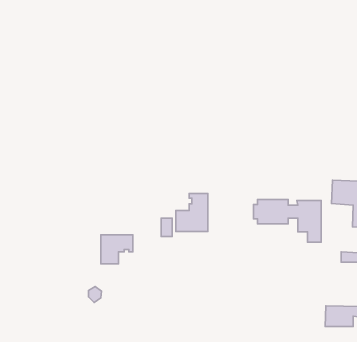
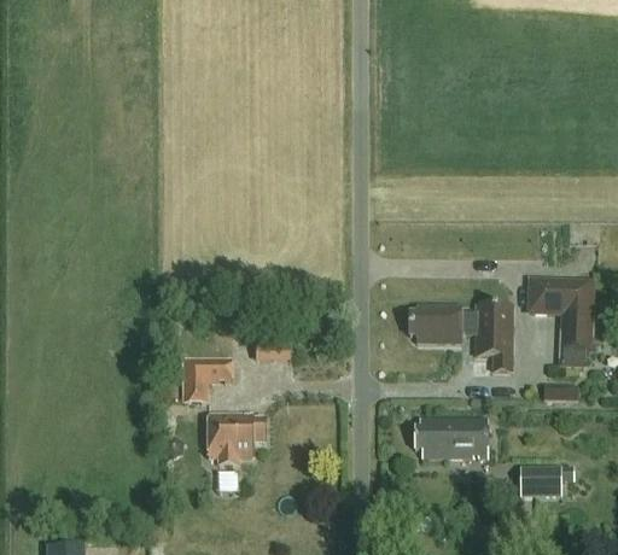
building: [176,193,208,232] -> none
building: none -> [205,414,263,466]
building: none -> [415,417,489,456]

